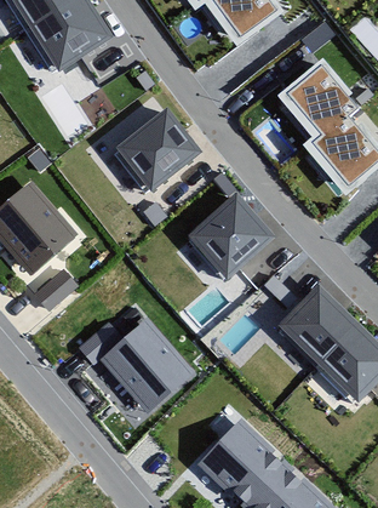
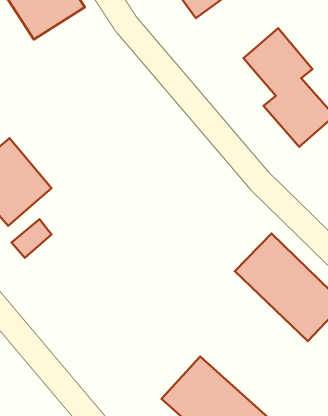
building: [113,108,199,193] -> none
building: [183,192,273,280] -> none
building: [94,313,196,415] -> none

